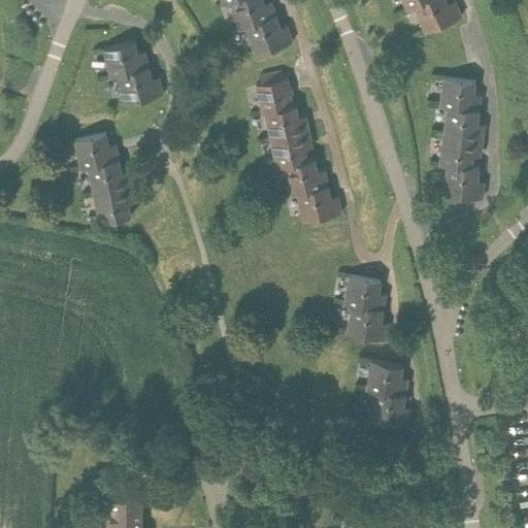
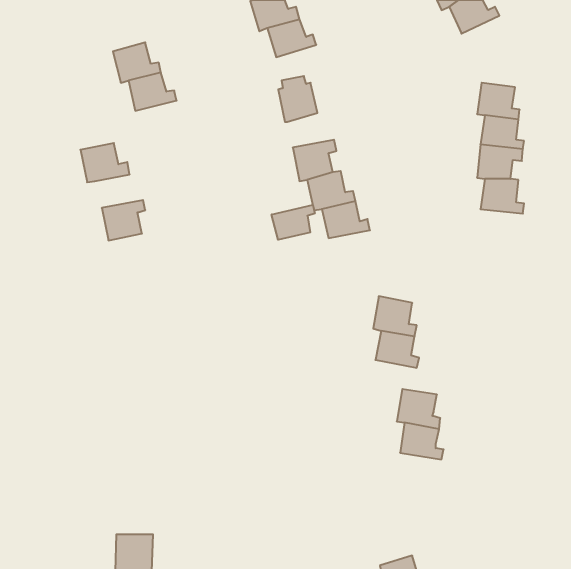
building: [265,106,308,138] -> none
building: [88,163,132,194] -> none
building: none -> [272,205,315,240]

